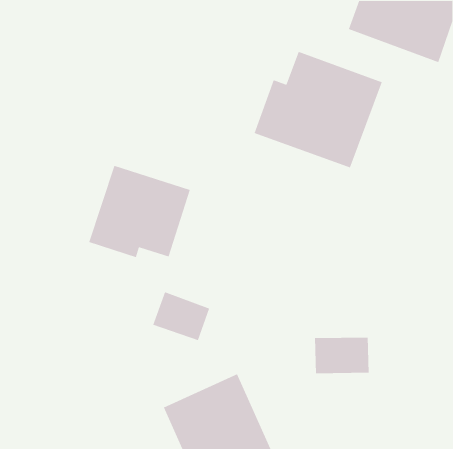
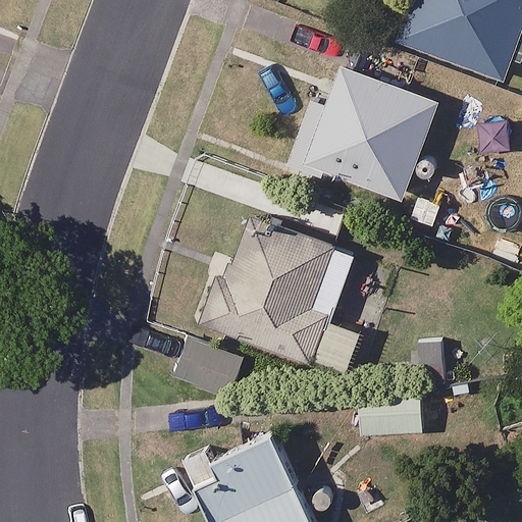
building: [88,165,191,258] -> none
building: none -> [204,220,394,373]

